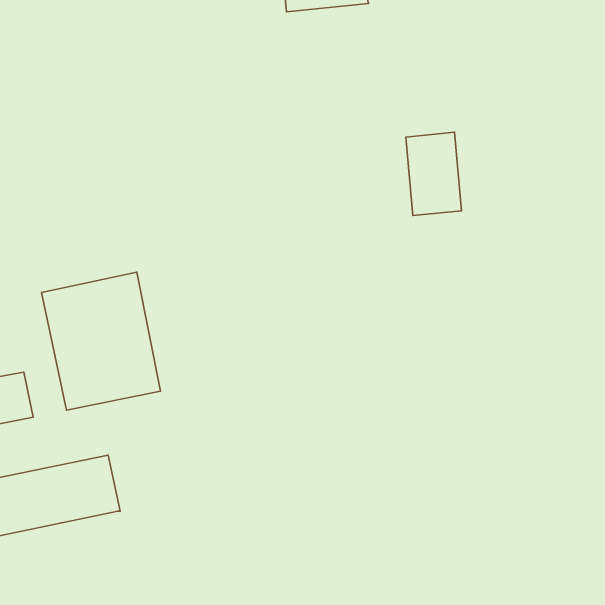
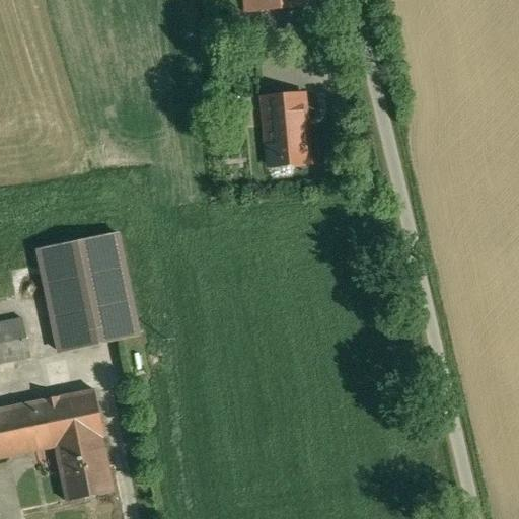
building: [406,132,462,215] -> [261,93,308,164]
building: none -> [53,436,112,500]

